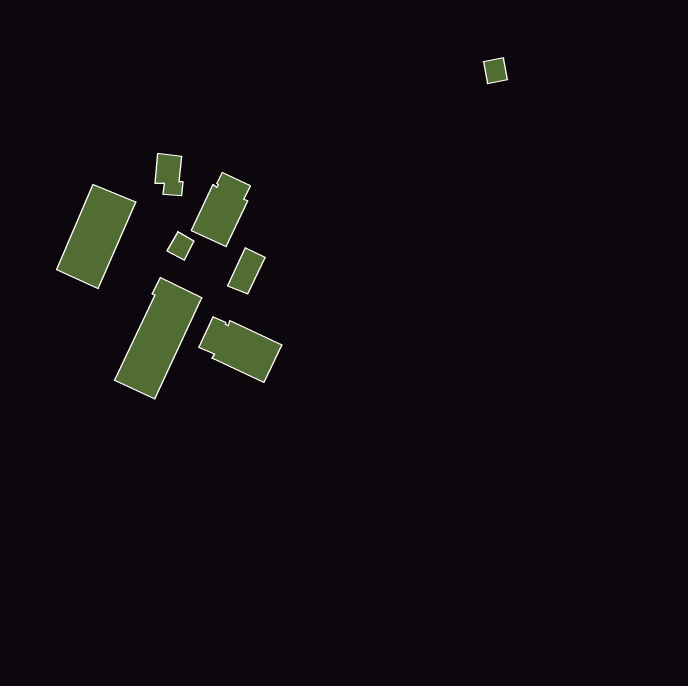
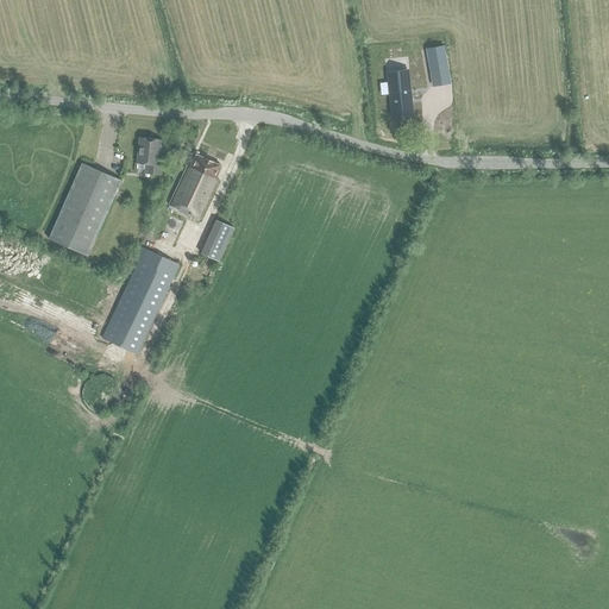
building: none -> [388,69,412,114]
building: [199,317,282,382] -> none

